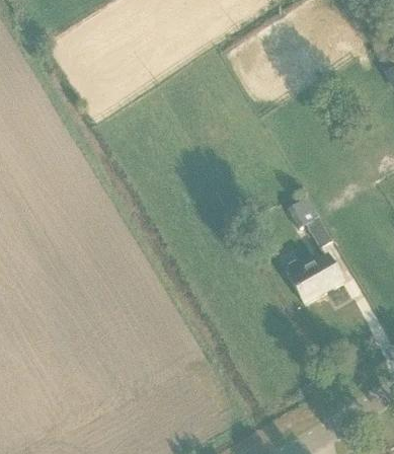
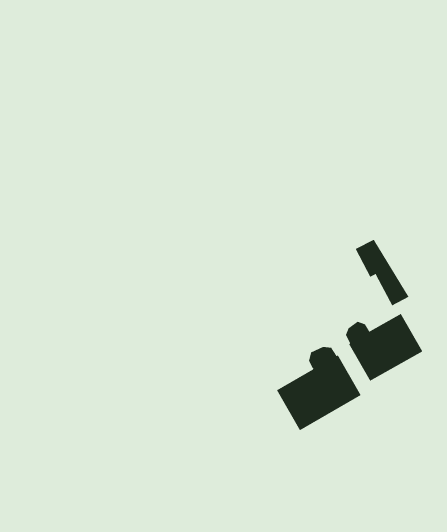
building: none -> [276,346,361,431]

